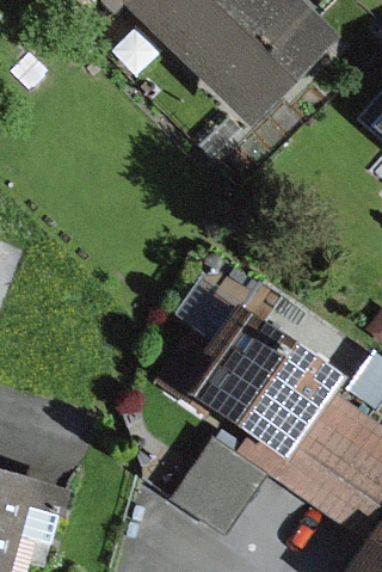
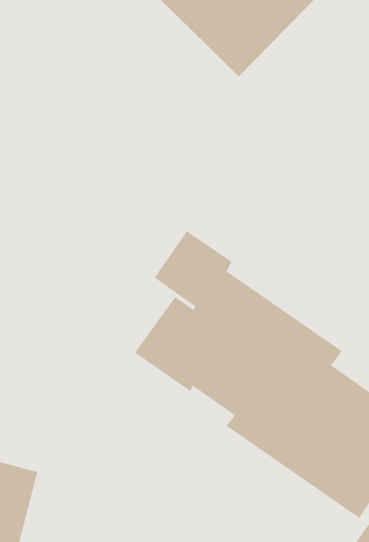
building: [172,433,269,533] -> none

